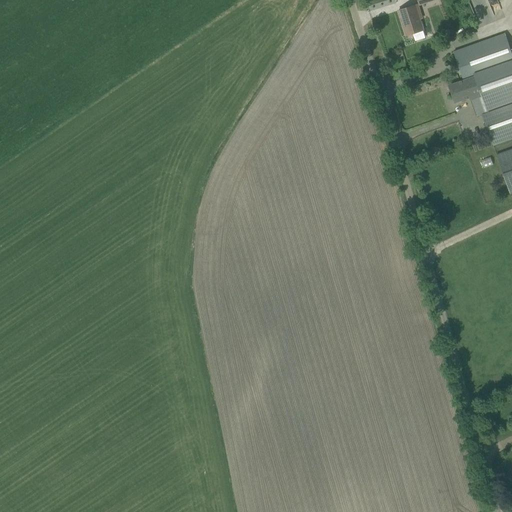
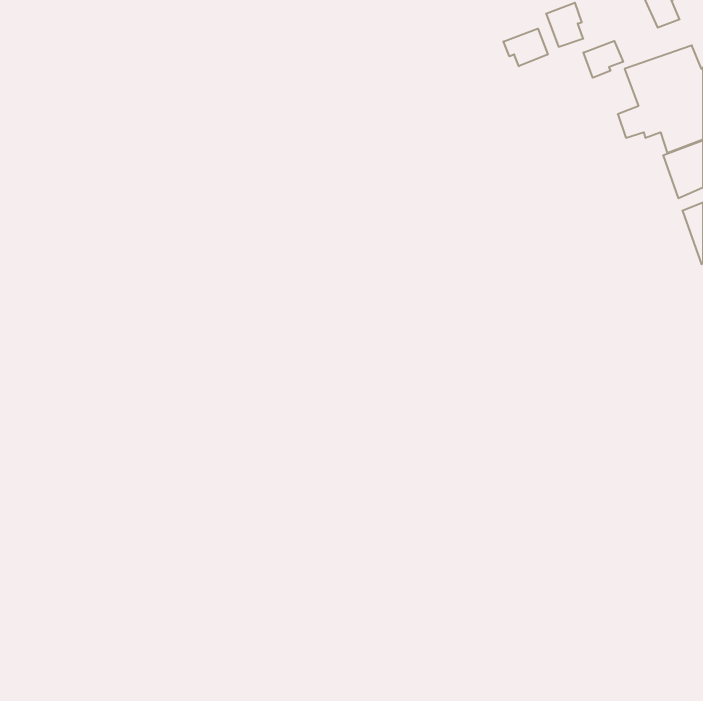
building: none -> [503,29,548,66]
building: none -> [583,41,623,78]

